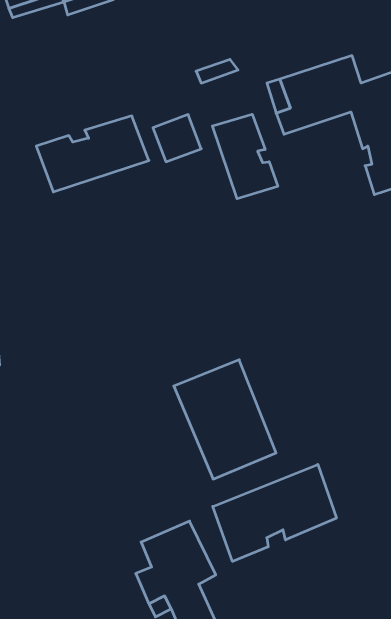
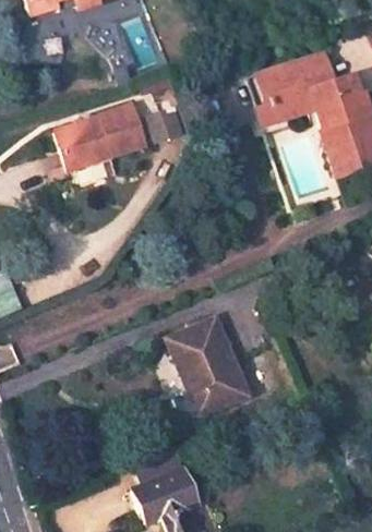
building: [212,114,278,199] -> none
building: [213,464,336,561] -> none

